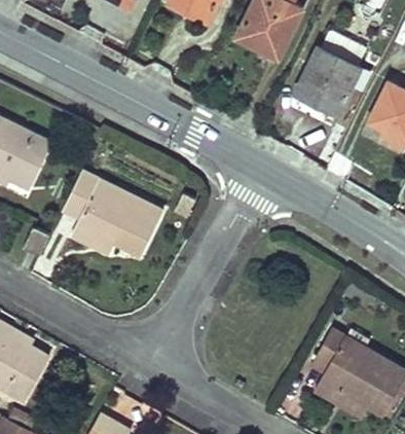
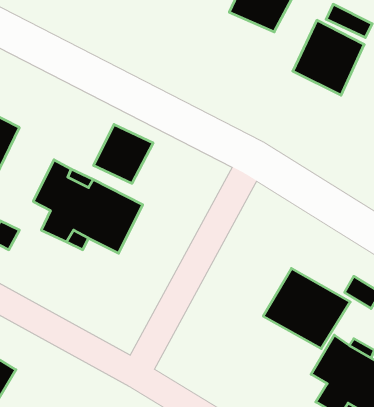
building: none -> [94,124,153,183]
building: none -> [263,268,350,349]

